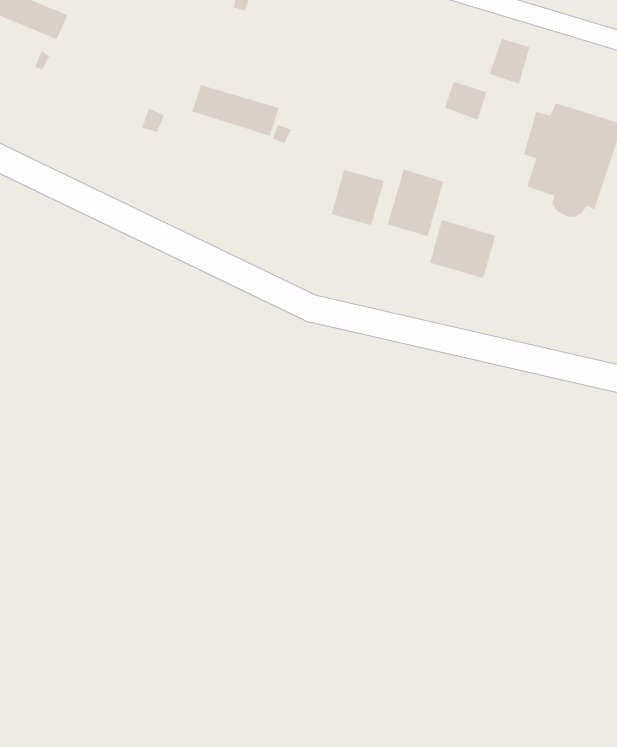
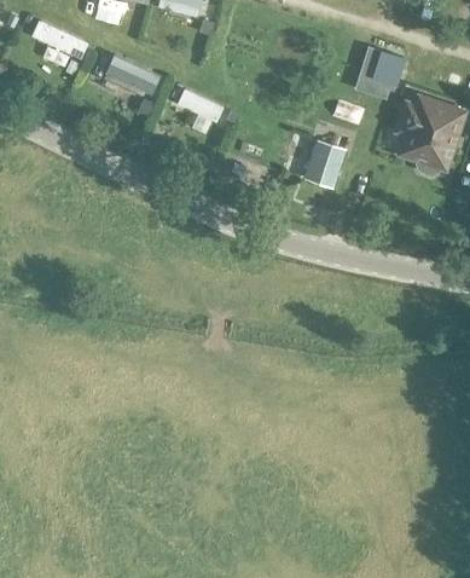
building: none -> [99,47,150,97]
building: [331,169,385,226] -> none
building: [429,219,496,279] -> none

